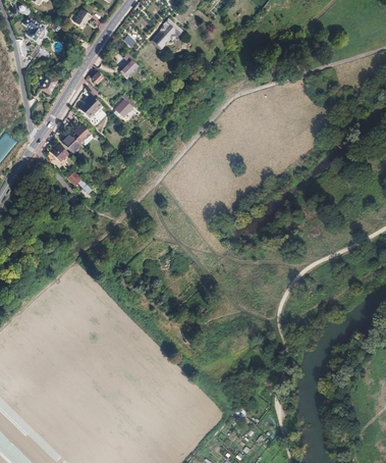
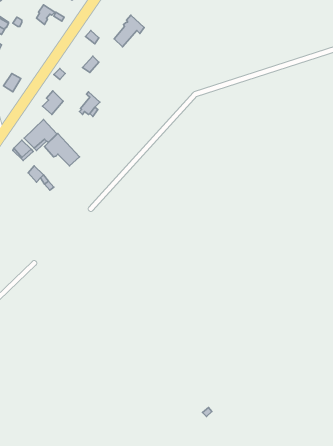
building: none -> [44,134,80,166]

